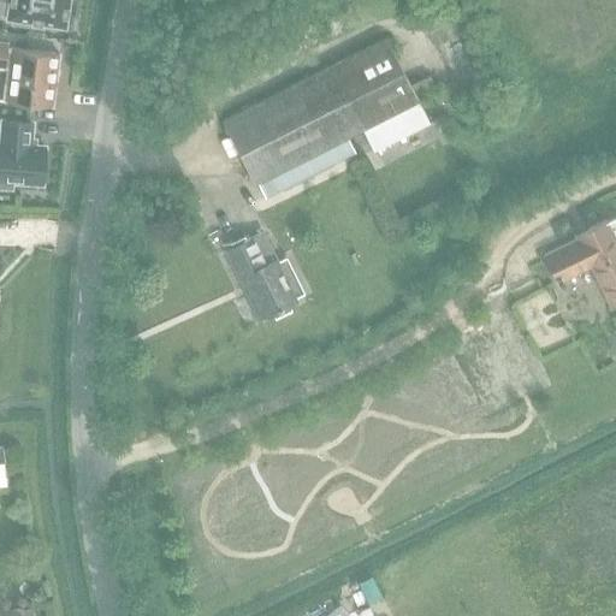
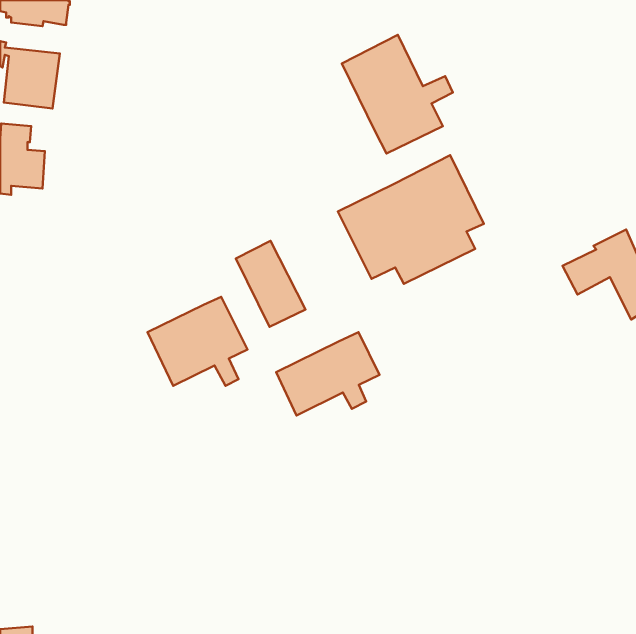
building: [223,65,363,189] -> [338,155,484,284]
building: none -> [148,297,247,386]
building: none -> [276,332,379,415]

